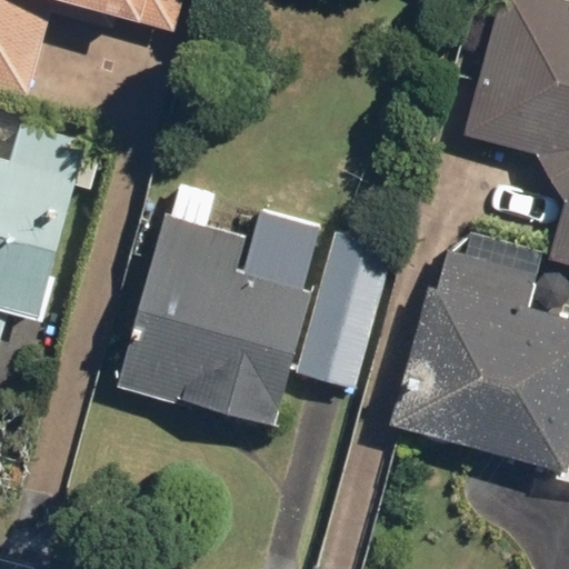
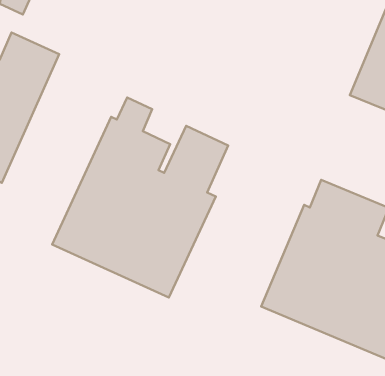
building: [296,230,397,389] -> none

